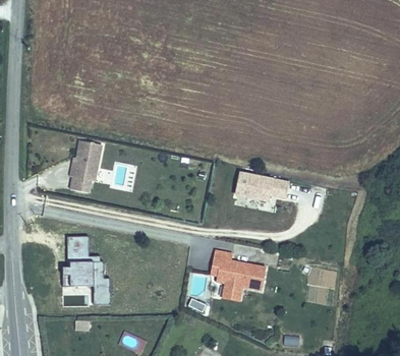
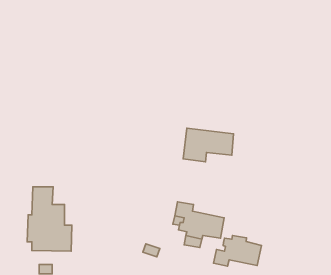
building: [67,141,98,193] -> none
building: none -> [214,236,261,266]

